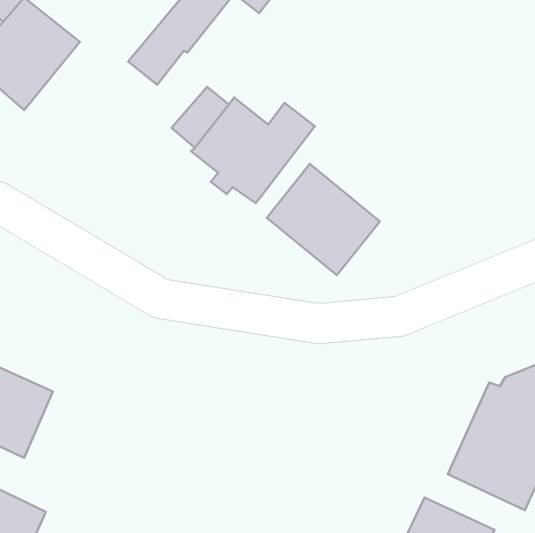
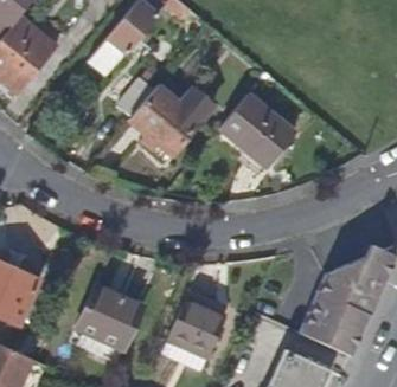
building: [267,164,380,275] -> [219,93,294,167]
building: none -> [77,284,145,348]
building: none -> [166,299,225,360]

